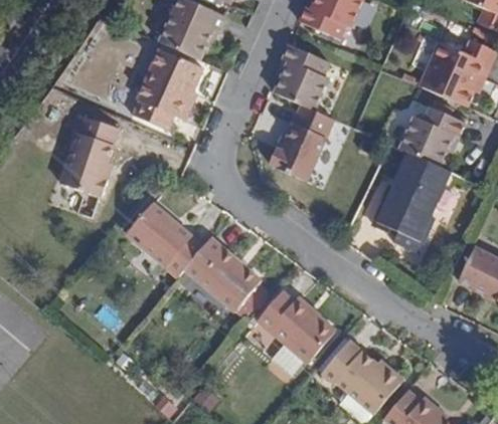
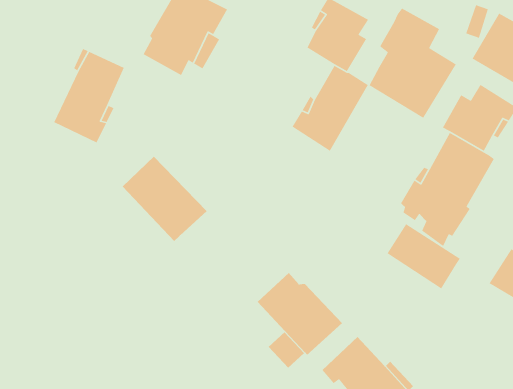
building: none -> [368,7,457,119]
building: none -> [386,223,461,289]
building: [183,237,260,311] -> none

